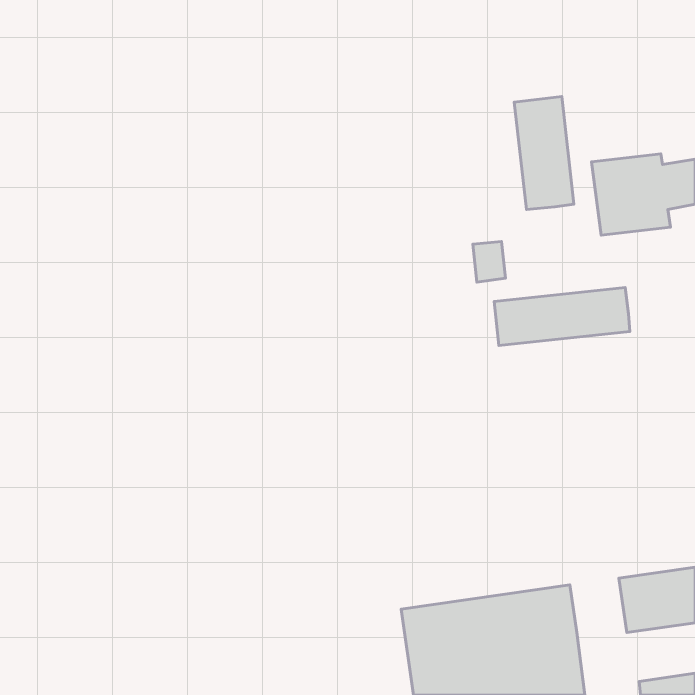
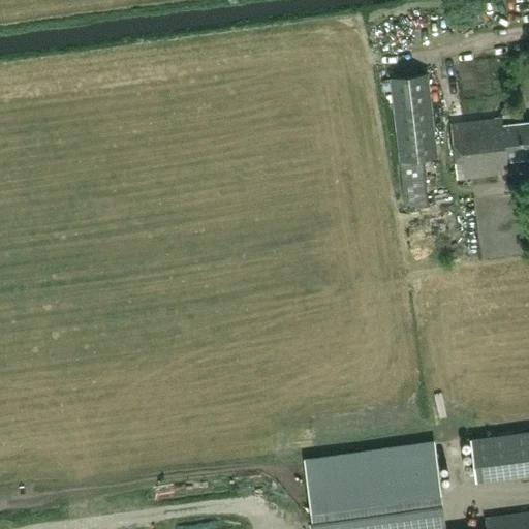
building: [473,241,506,282] -> [400,157,425,188]
building: [494,287,630,346] -> none

